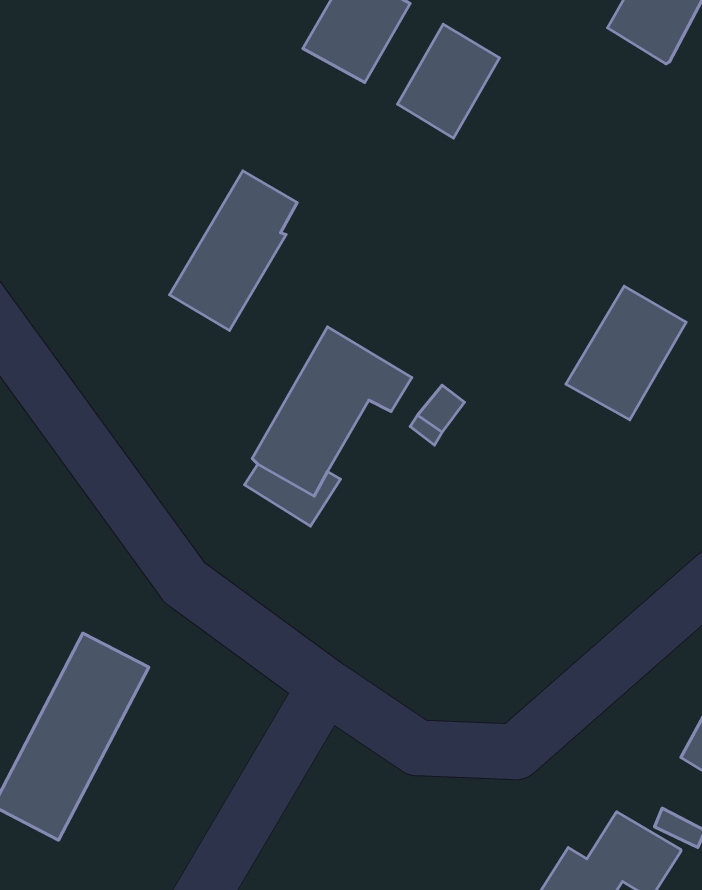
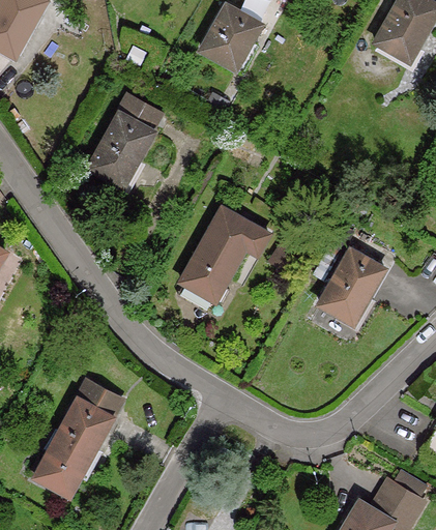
building: [397,24,499,138] -> none
building: [169,171,297,330] -> [95,90,166,178]
building: [566,286,686,420] -> [317,249,383,323]

